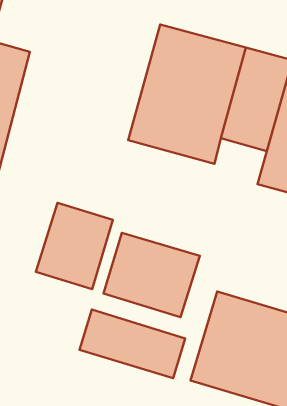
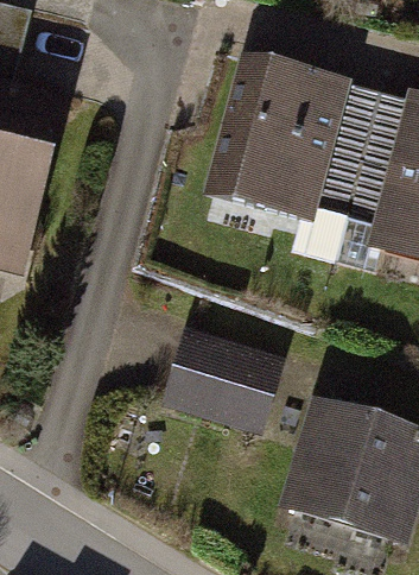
building: [36,203,113,289] -> none
building: [79,309,185,378] -> none

